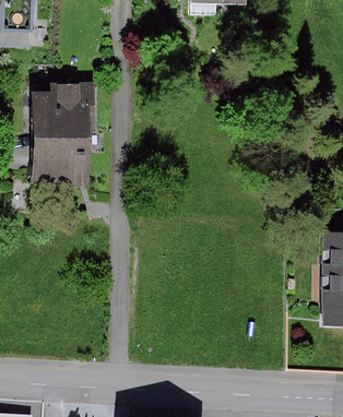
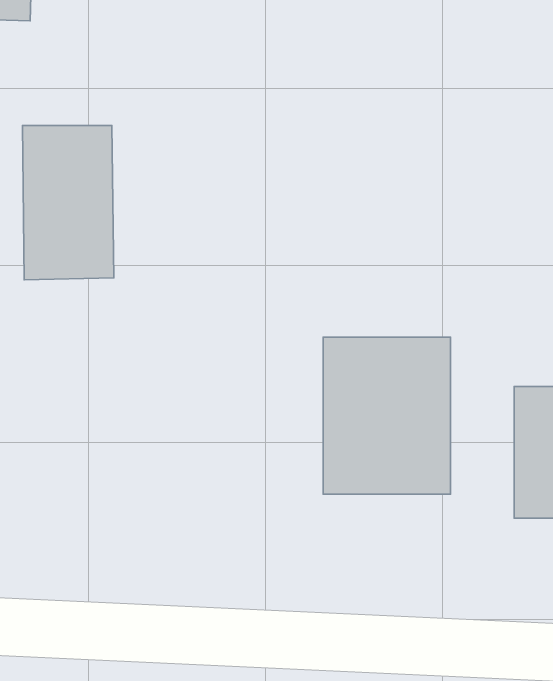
building: none -> [323,337,451,494]

